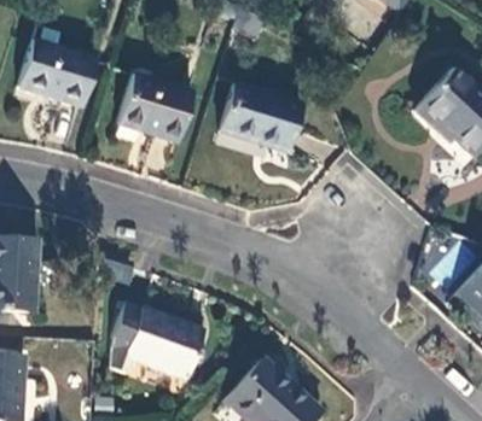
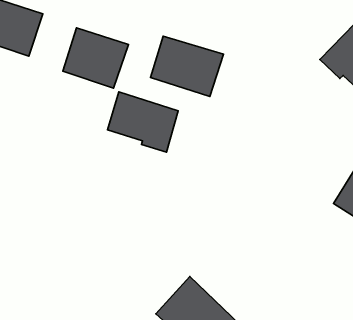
building: none -> [107,92,178,152]
building: [115,300,205,378] -> none

